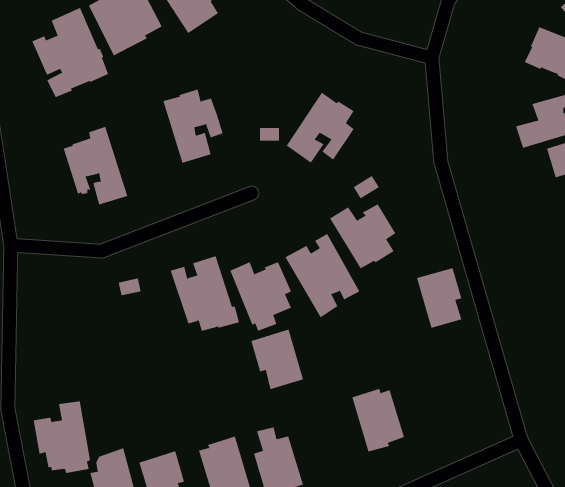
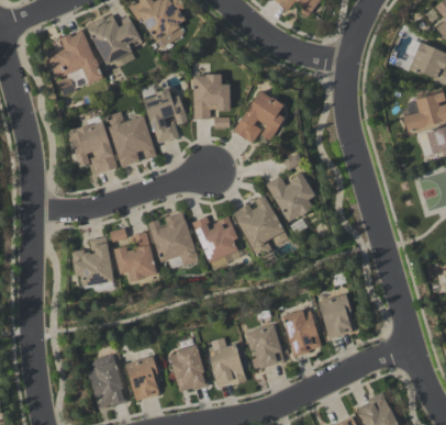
building: none -> [192,75,230,119]
building: none -> [104,112,156,167]
building: [416,267,462,328] -> [317,294,352,339]
building: none -> [113,232,156,282]
building: [250,329,304,390] -> [245,324,285,369]
building: [33,401,91,474] -> [70,237,113,291]

